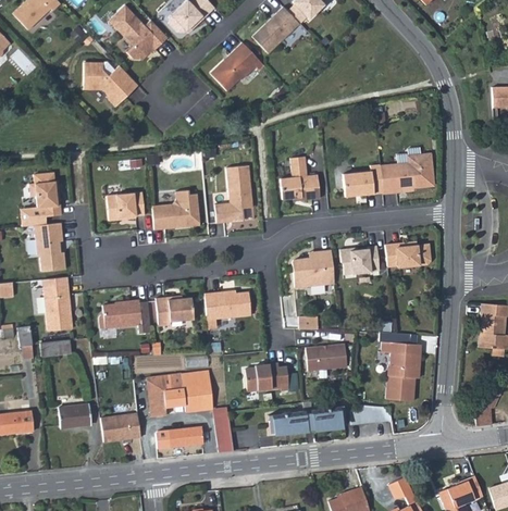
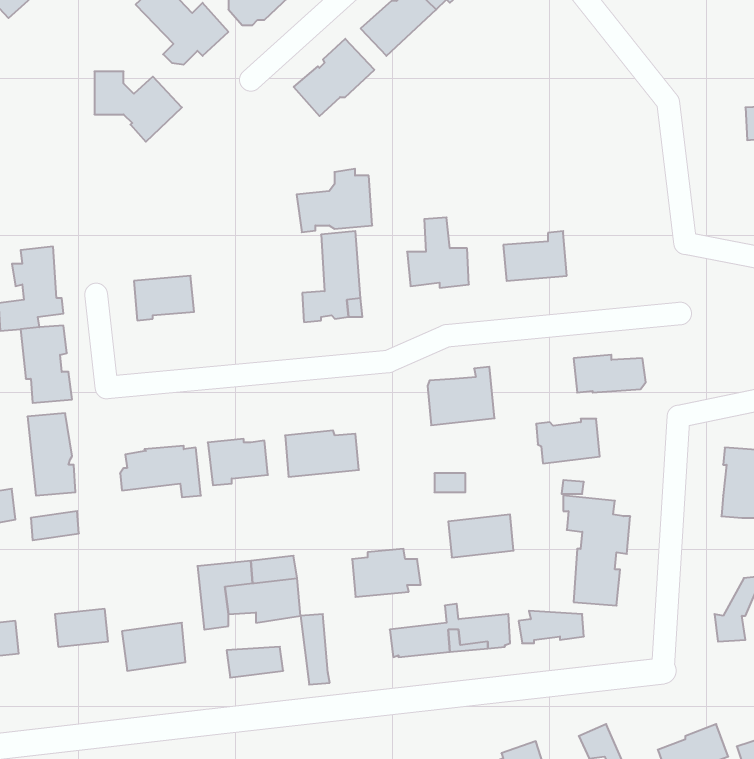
building: [380,153,433,192] -> none
building: [152,190,200,230] -> [297,169,372,232]
building: [340,246,381,274] -> [536,419,600,463]

